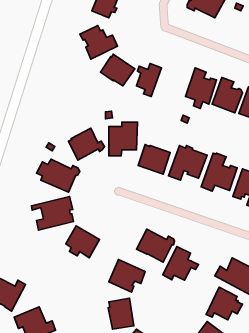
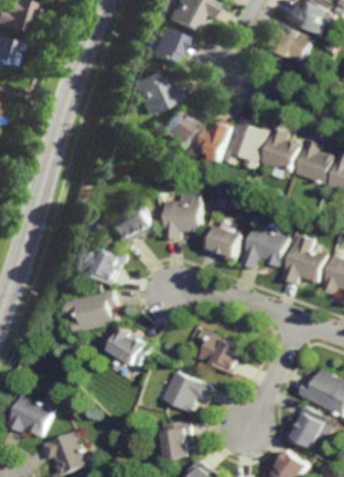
building: none -> [224,116,270,169]
building: [163,247,198,280] -> none

